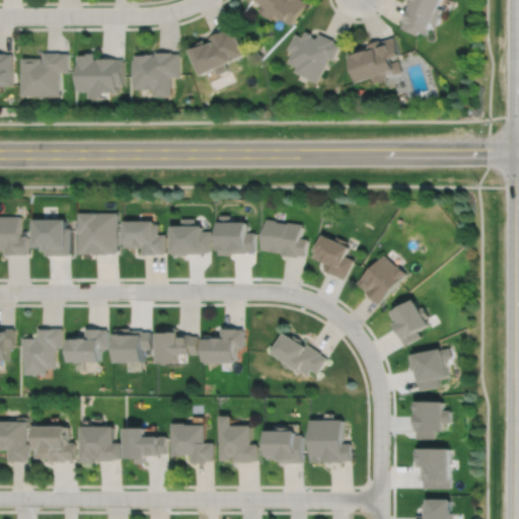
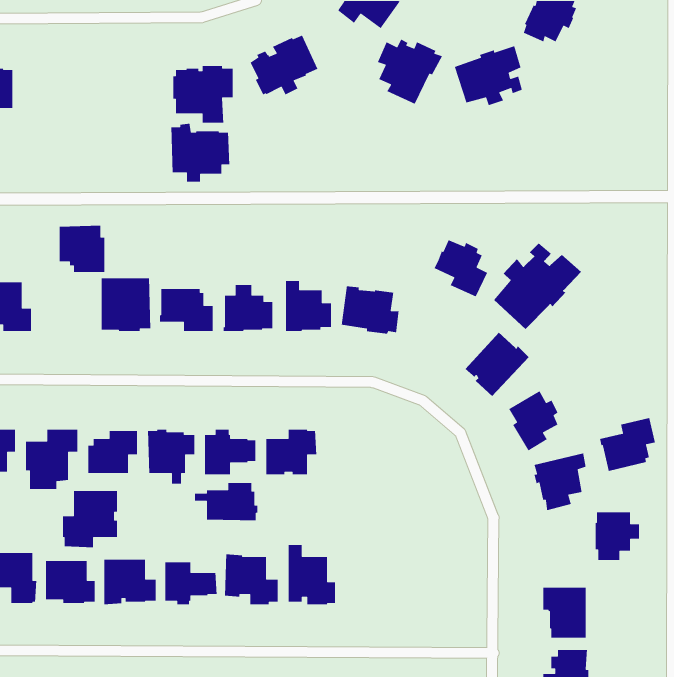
building: [21,52,67,95] -> none
building: [77,52,123,97] -> [170,123,230,182]
building: none -> [493,243,582,330]
building: [32,219,68,255] -> [59,225,105,273]
building: [309,234,351,279] -> [434,239,488,298]
building: none -> [599,417,656,472]
building: [273,333,324,375] -> none
building: none -> [194,482,258,521]
building: none -> [62,490,118,548]
building: [414,401,448,439] -> [595,512,640,561]
building: [309,421,350,463] -> none
building: [267,428,301,463] -> none

